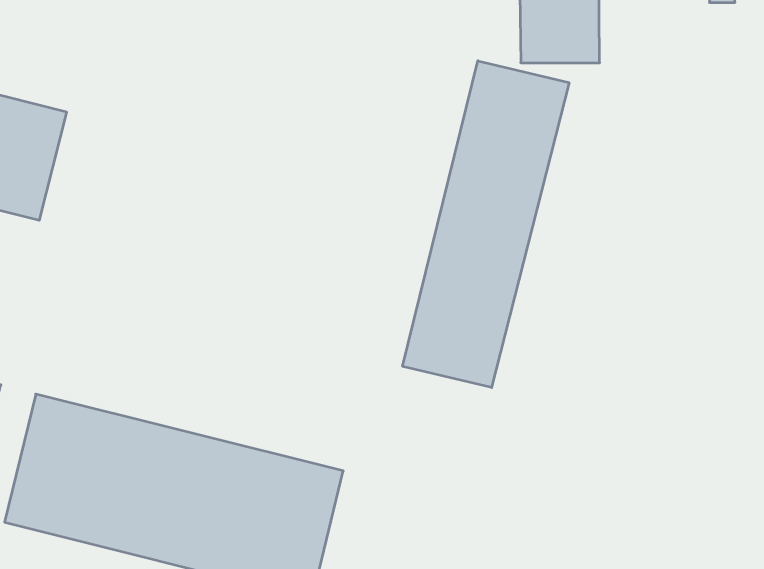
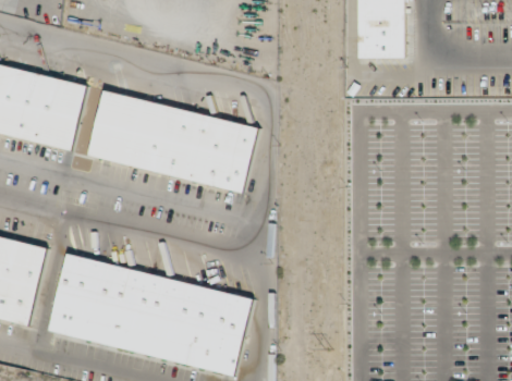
building: [403,61,569,388] -> none
building: none -> [89,90,259,193]

